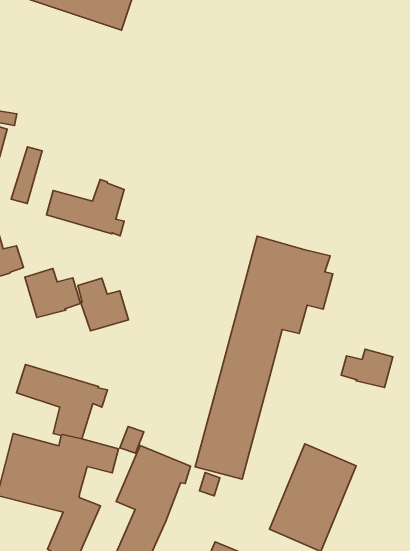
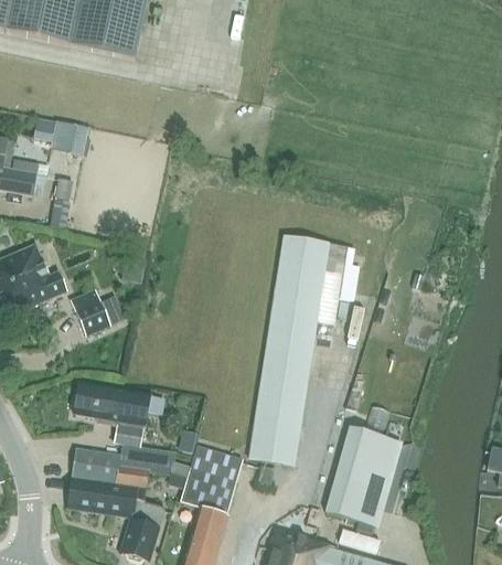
building: none -> [52,127,86,153]
building: [47,180,124,236] -> none
building: [78,278,128,331] -> none
building: [341,349,393,388] -> none

